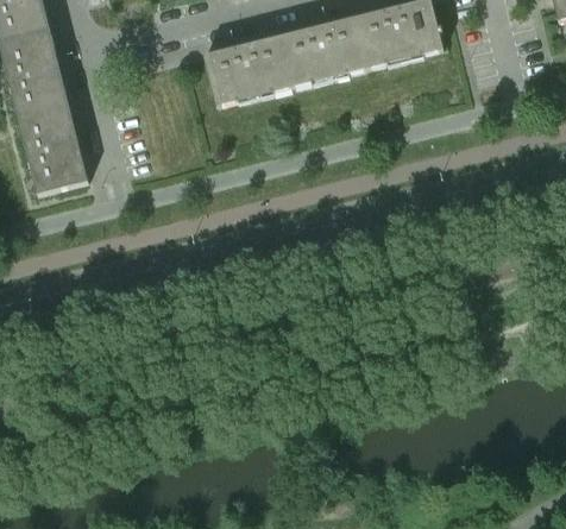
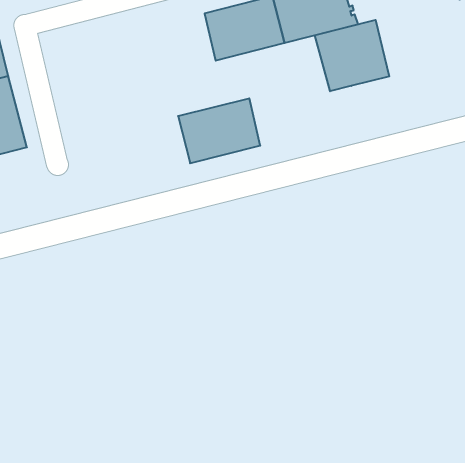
building: [203,38,293,108] -> [178,98,260,163]
building: none -> [315,20,389,91]

